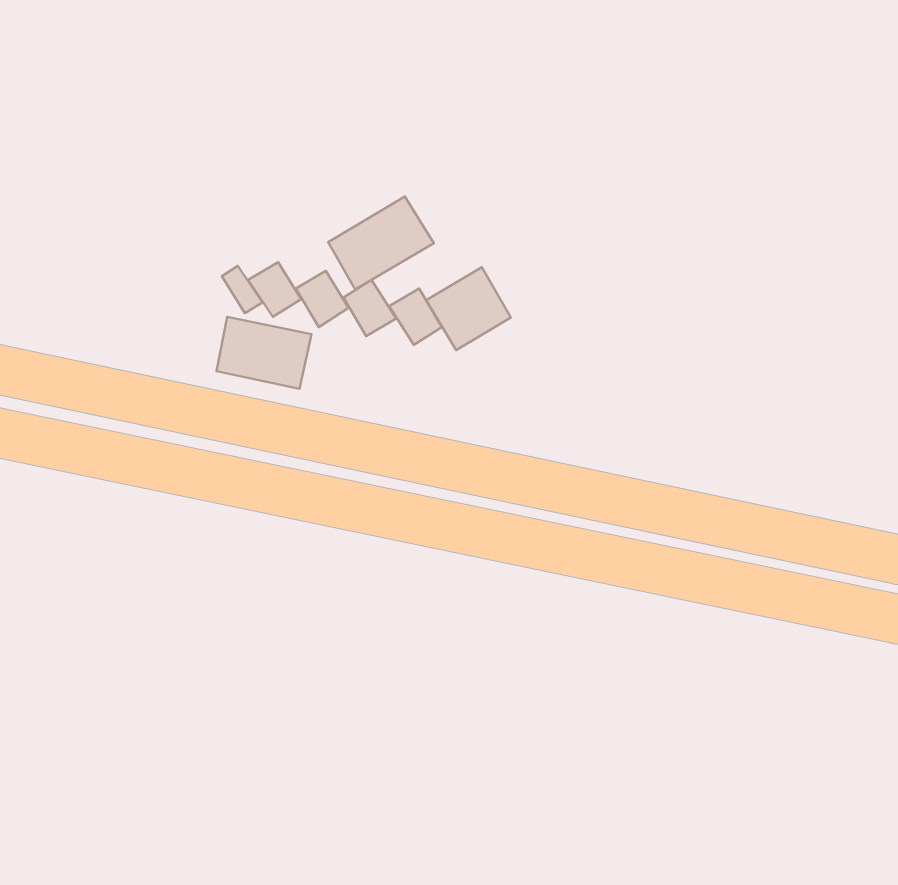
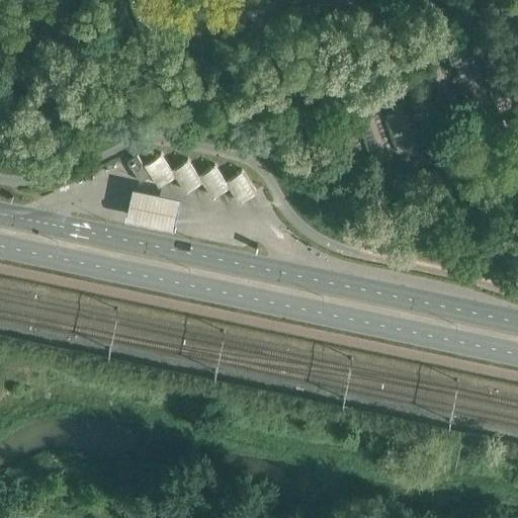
building: [328,196,434,289] -> none
building: [426,267,511,350] -> none

